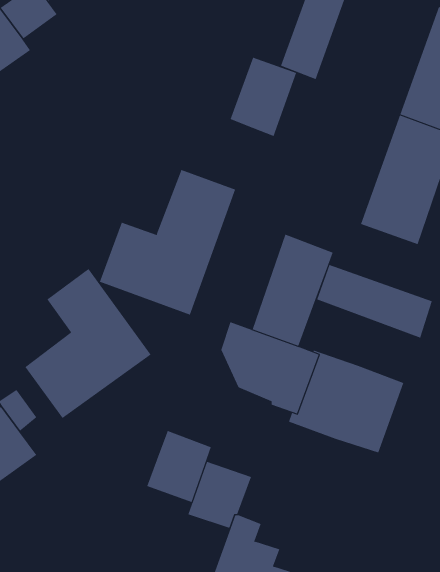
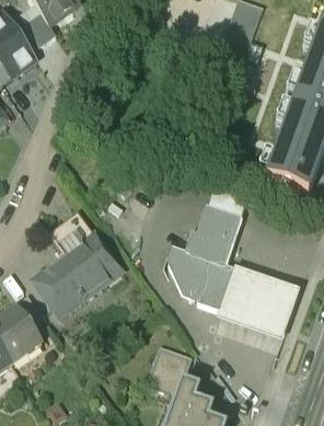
building: [230,57,297,137] -> none
building: [99,169,236,316] -> none
building: [317,264,433,338] -> none
building: [146,430,211,503] -> none

